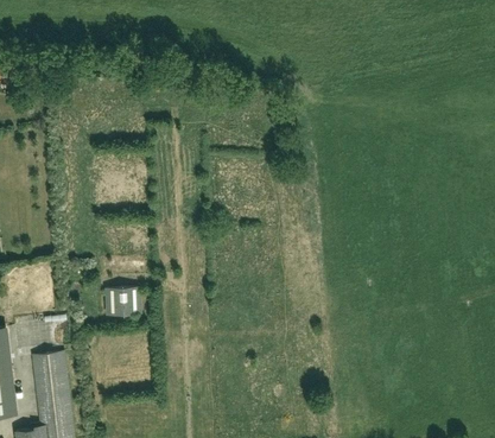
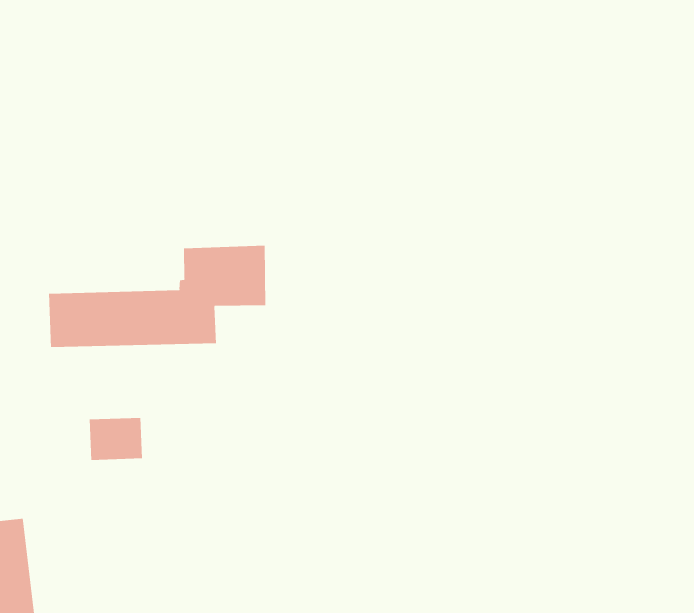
building: none -> [49,245,266,348]

